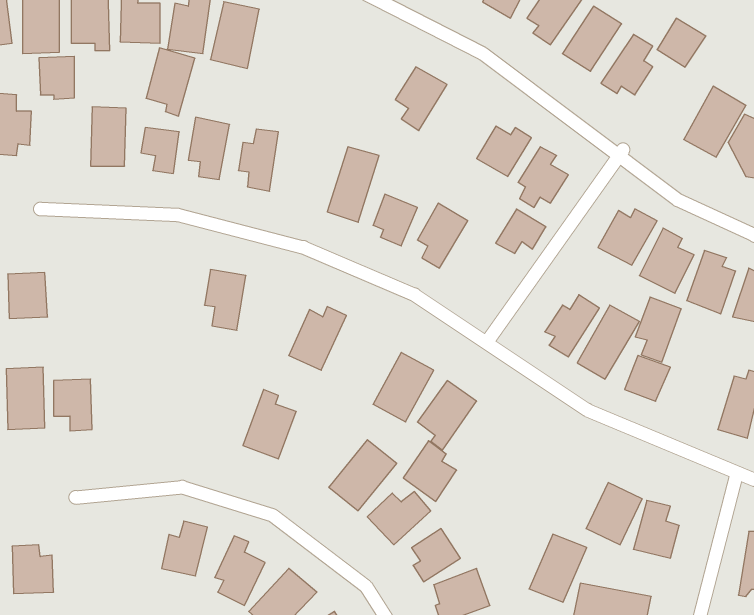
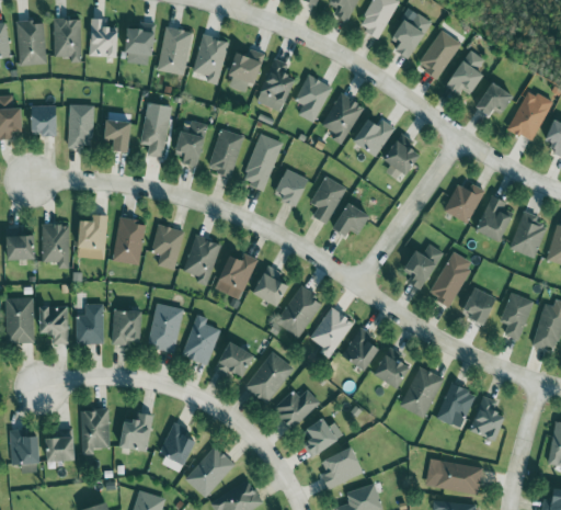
building: [657,18,706,67] -> [479,82,515,118]
building: none -> [229,48,265,92]
building: none -> [256,57,296,112]
building: [146,48,195,116] -> [193,34,229,84]
building: [39,56,74,99] -> [32,105,58,137]
building: none -> [322,93,363,145]
building: none -> [207,128,244,177]
building: [496,209,546,253] -> [334,203,371,236]
building: none -> [79,215,107,259]
building: none -> [113,218,145,264]
building: none -> [42,224,70,269]
building: none -> [183,235,220,285]
building: [635,297,681,362] -> [500,292,534,340]
building: none -> [254,265,289,306]
building: none -> [76,303,104,343]
building: none -> [147,303,183,351]
building: none -> [112,309,142,344]
building: none -> [216,342,255,377]
building: none -> [376,347,410,387]
building: [403,441,457,501] -> [342,327,381,372]
building: none -> [81,409,110,455]
building: [529,534,587,602] -> [400,366,443,417]
building: none -> [47,429,76,462]

